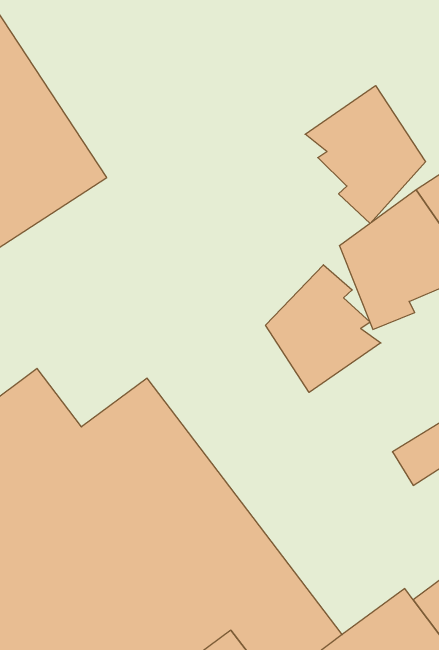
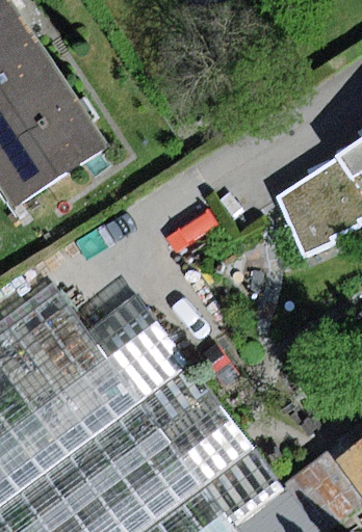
building: [305,86,426,223] -> none
building: [266,265,381,392] -> none

